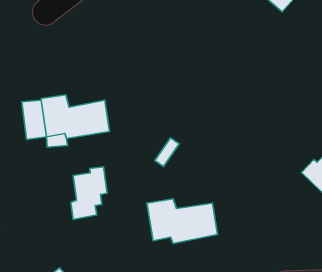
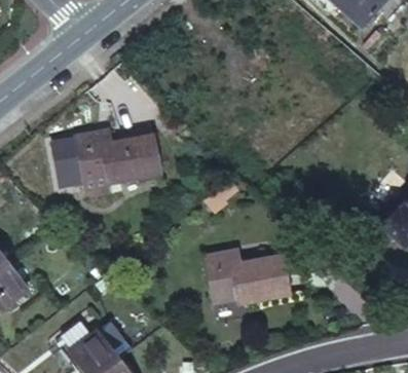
building: [71,167,107,219] -> none

